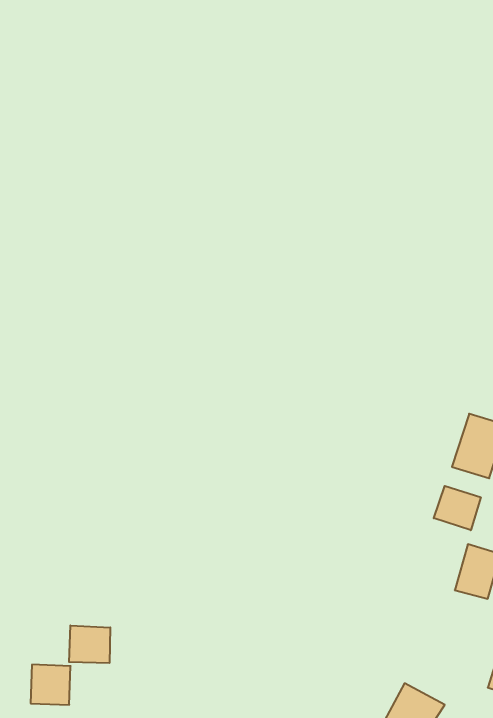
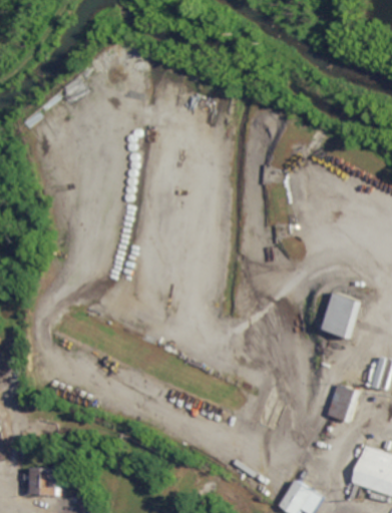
building: [434,486,481,530] -> none
building: [69,625,110,663] -> none

